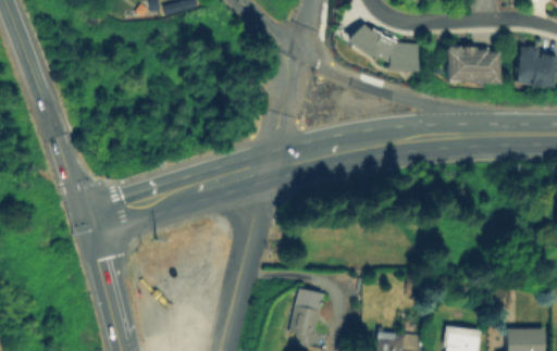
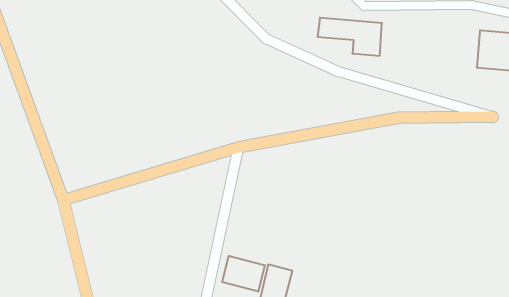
building: [444,46,497,82] -> none
building: none -> [222,256,265,292]

